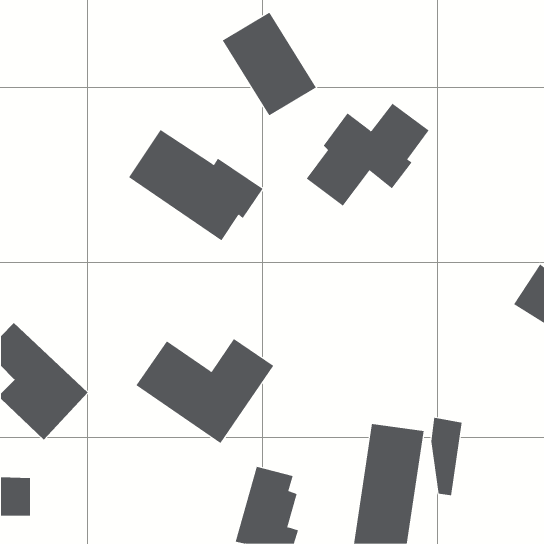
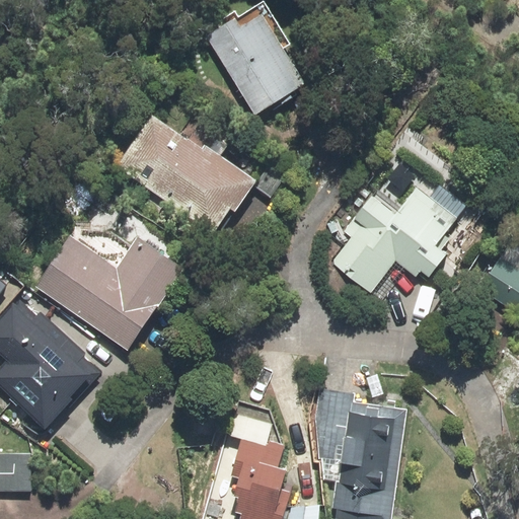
building: [306,103,429,206] -> [336,192,453,290]
building: [135,338,274,444] -> [47,240,178,341]
building: [430,417,462,496] -> [321,390,352,465]

